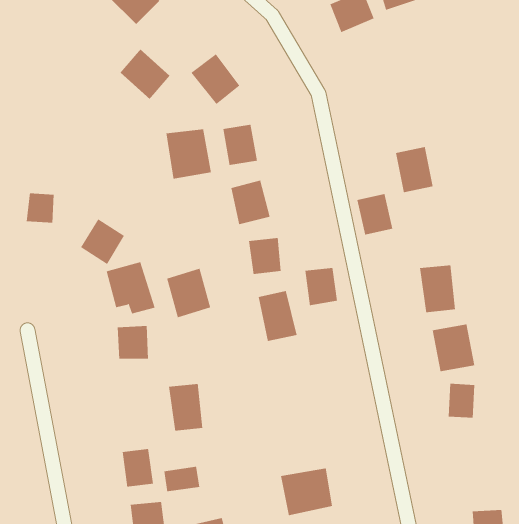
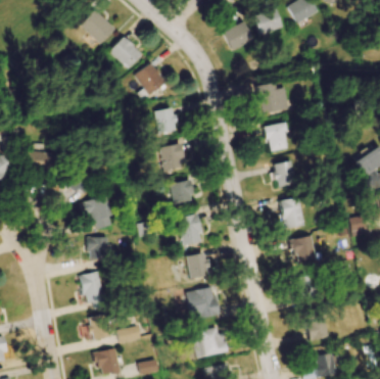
building: [119,49,171,100] -> [110,37,143,69]
building: none -> [257,84,289,113]
building: [166,129,211,180] -> none
building: [356,193,393,235] -> [274,161,297,188]
building: [304,267,338,306] -> [187,254,208,279]
building: [167,268,211,318] -> none
building: [168,383,203,431] -> [81,273,103,303]
building: none -> [186,287,219,321]
building: none -> [306,320,329,341]

